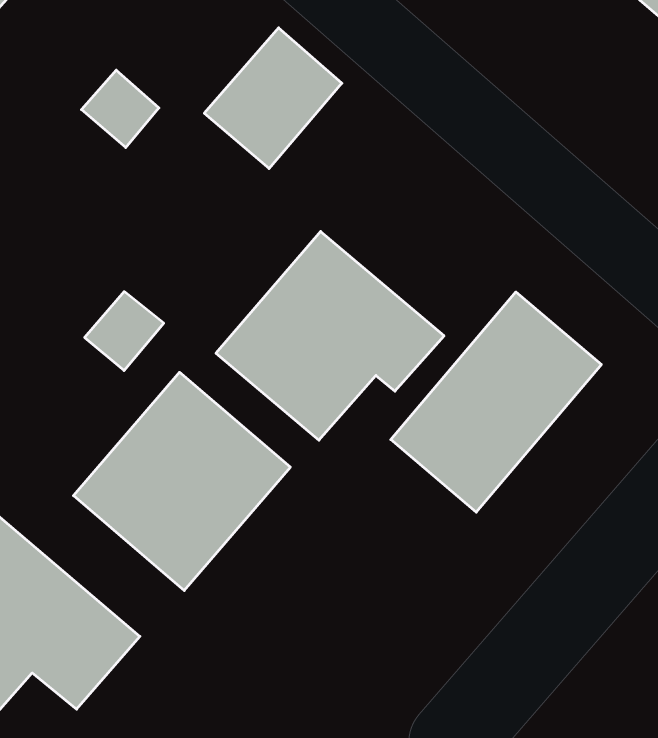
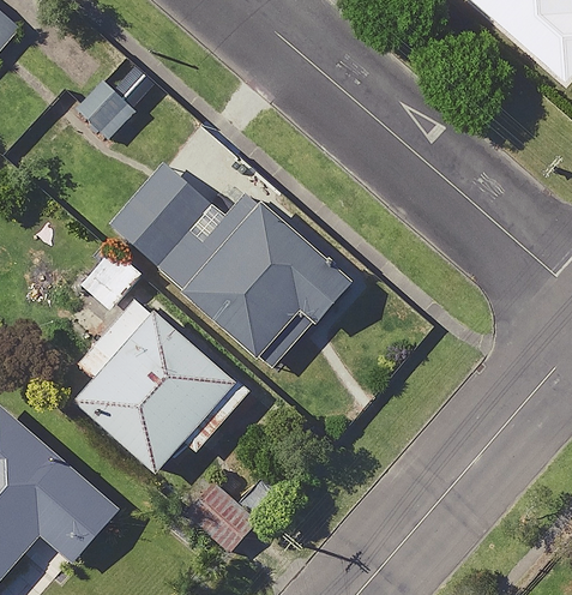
building: [204,28,342,169] -> [109,158,213,265]
building: [391,292,601,512] -> none

